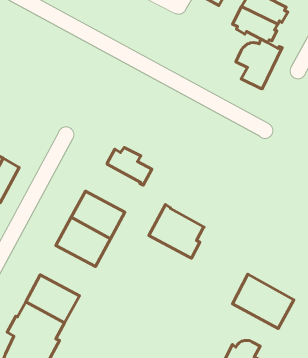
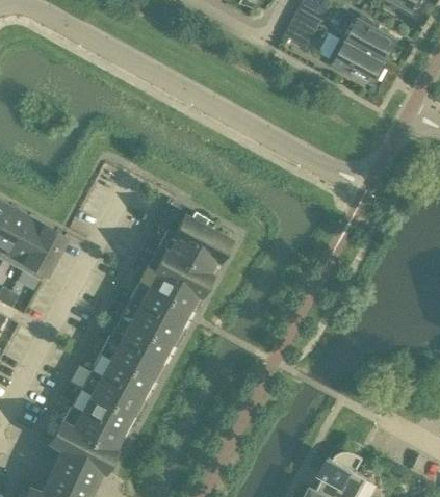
building: [236,39,282,89] -> none
building: [149,204,204,258] -> [148,230,216,296]
building: none -> [92,336,160,398]
building: [232,274,294,329] -> none

